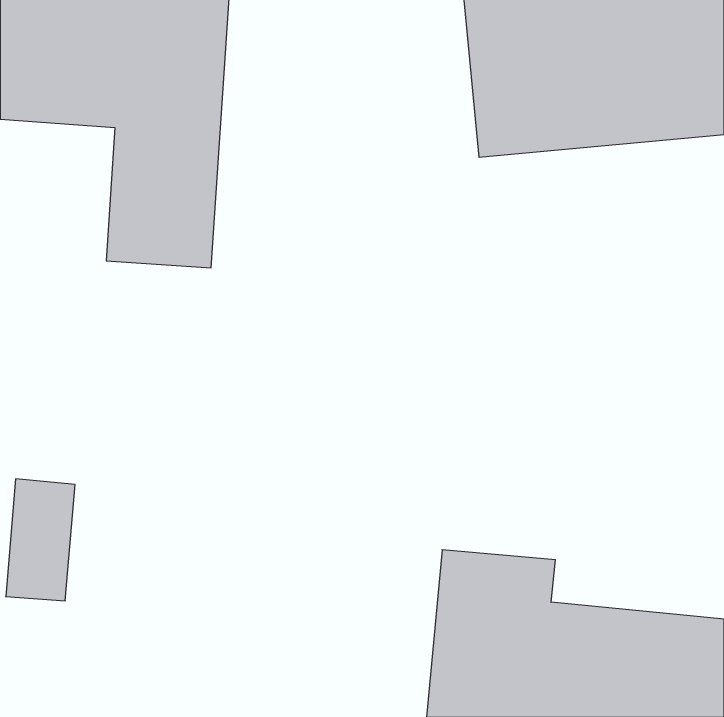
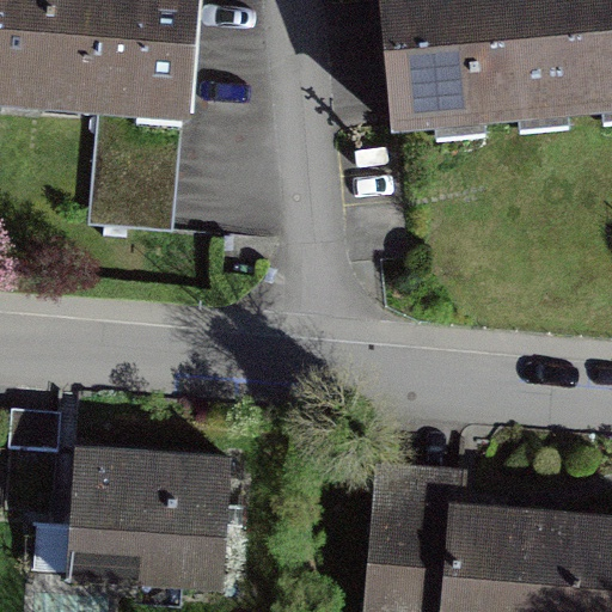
building: none -> [69,452,233,596]

